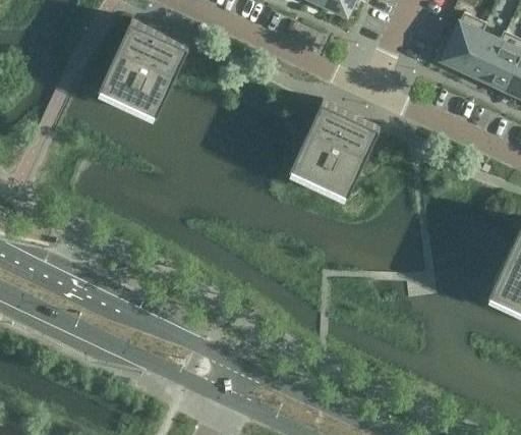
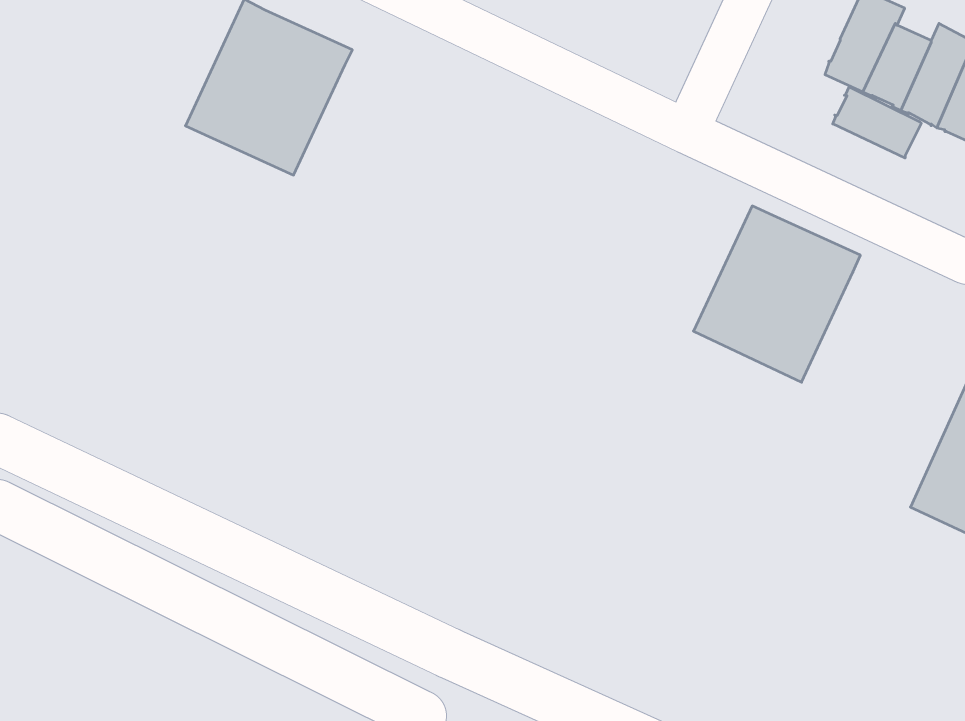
building: none -> [833,87,921,158]
building: [291,103,381,198] -> [693,206,860,382]

